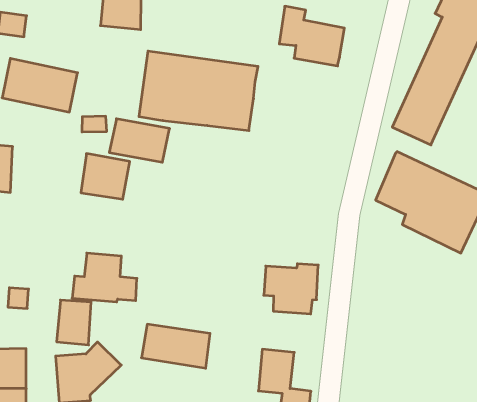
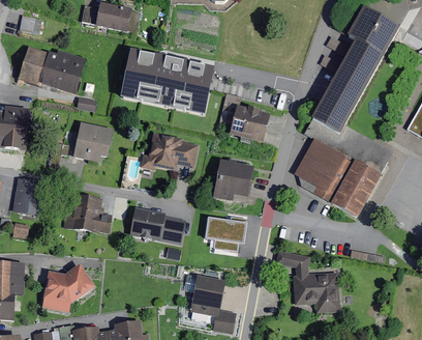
building: [279,6,344,66] -> [218,93,268,141]
building: [109,119,170,162] -> [152,135,199,170]
building: none -> [215,161,253,202]
building: [57,300,91,345] -> [14,180,42,216]
building: none -> [277,250,340,314]
building: [141,324,210,368] -> [132,208,185,245]

